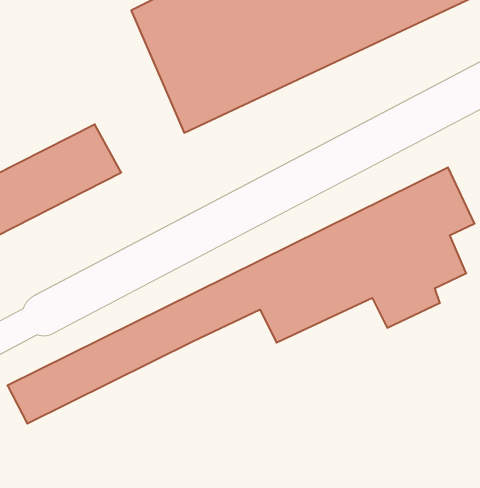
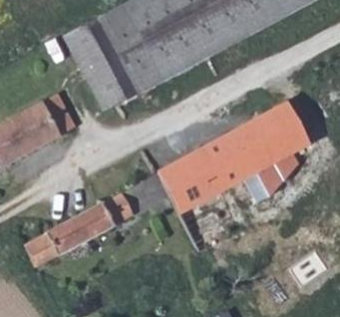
building: none -> [78,14,130,98]

